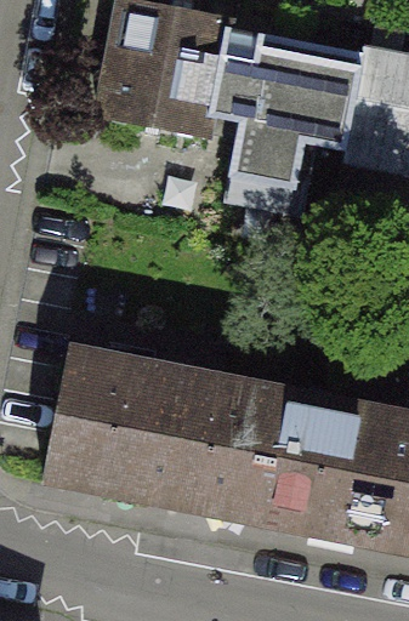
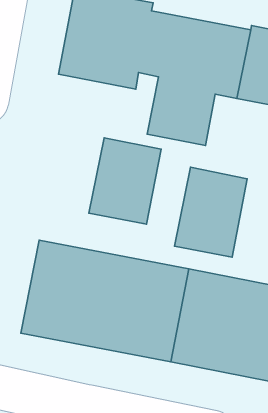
building: none -> [89,138,161,224]
building: none -> [175,167,247,257]

